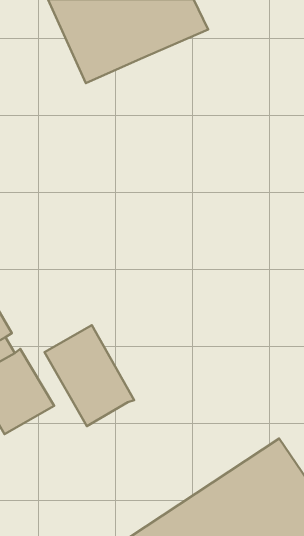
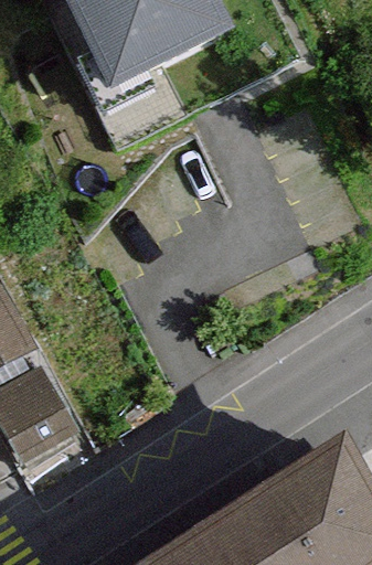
building: [44,325,134,426] -> none

